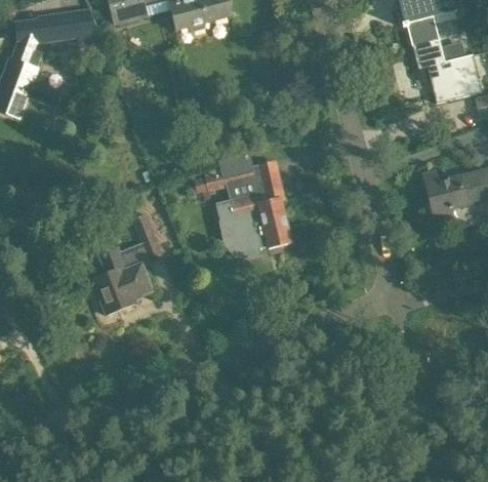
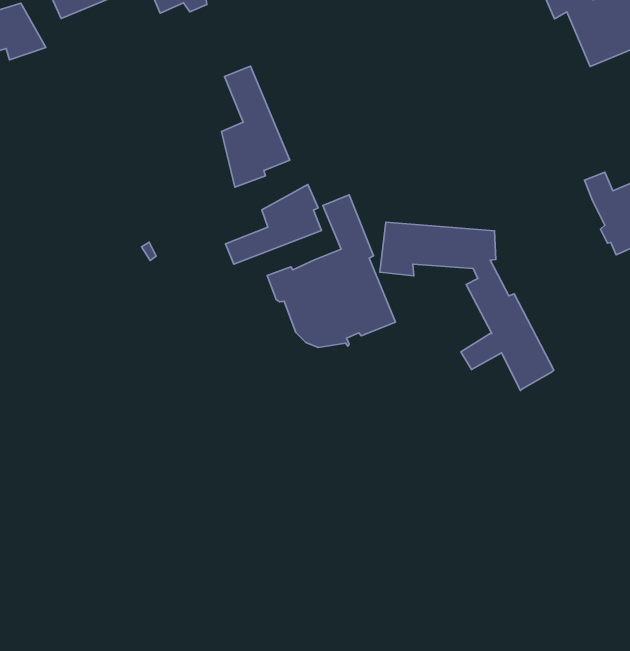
building: none -> [222,66,290,187]
building: none -> [380,222,554,390]
building: [91,216,162,317] -> none

